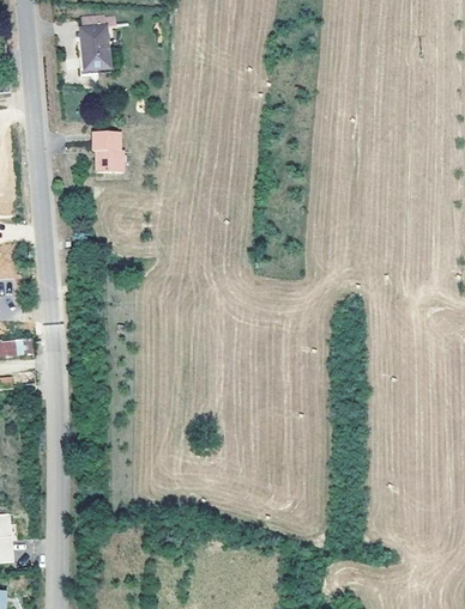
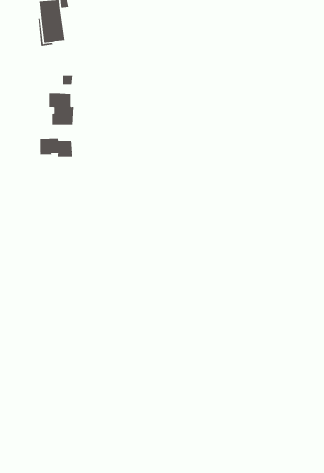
building: none -> [40,138,72,158]

